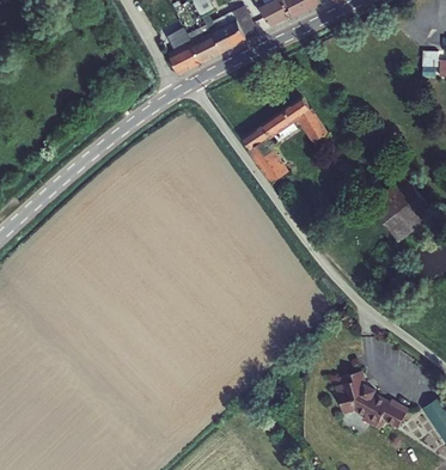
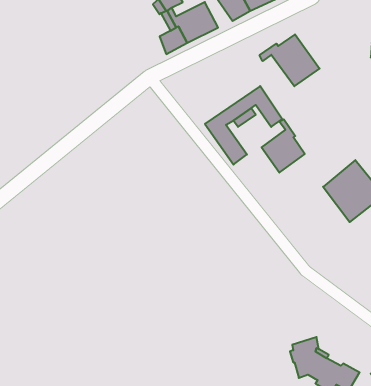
building: [163,22,200,74] -> none
building: none -> [260,34,320,86]
building: none -> [262,119,305,173]

